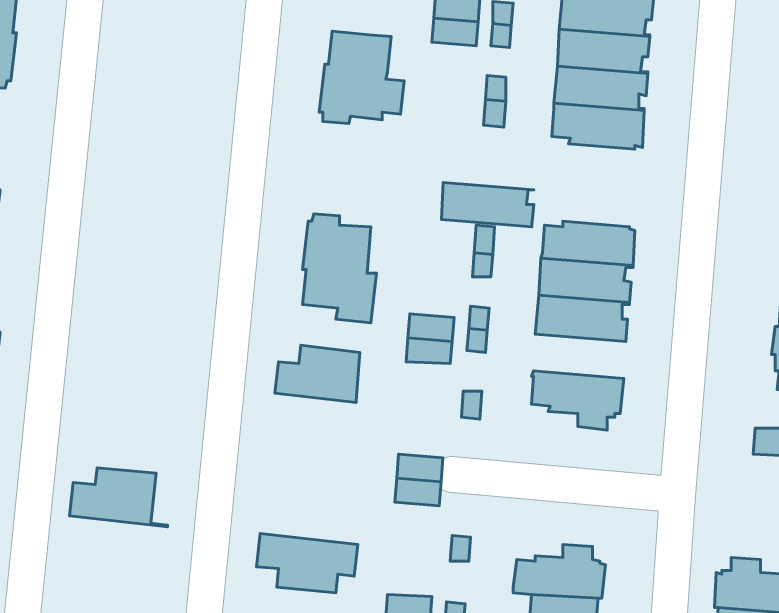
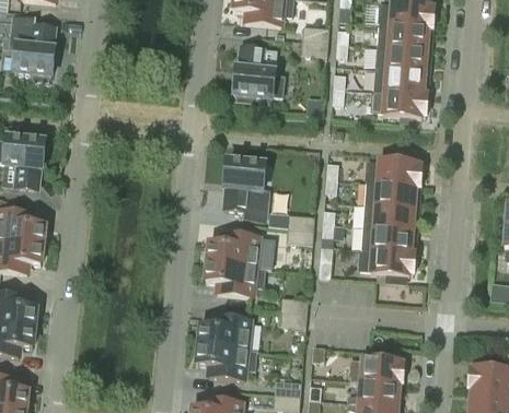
building: [441,182,534,227] -> [361,225,416,251]
building: none -> [206,260,266,295]
building: [69,468,167,527] -> [199,315,257,350]

